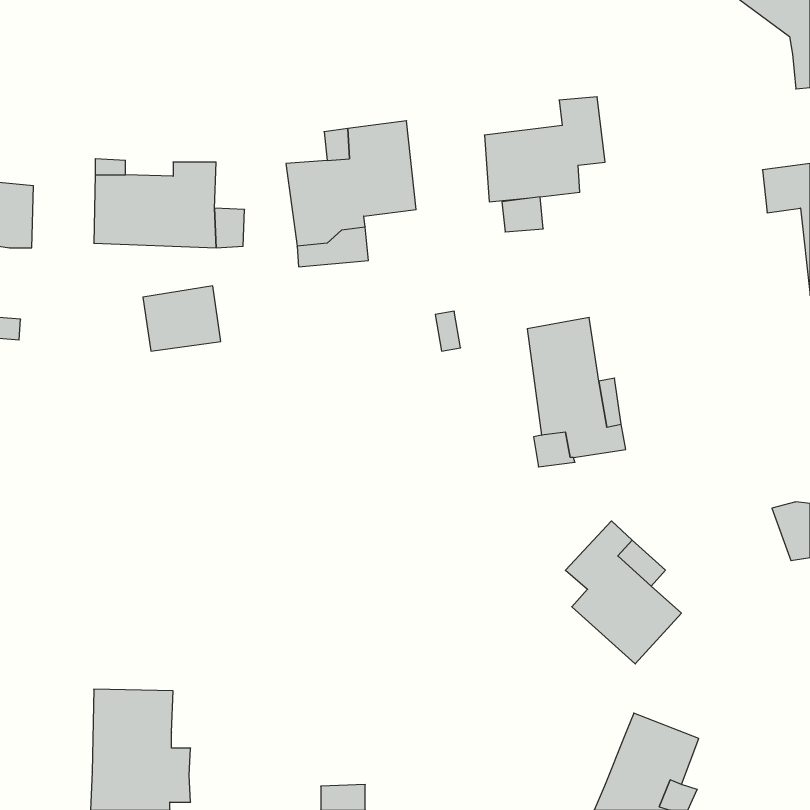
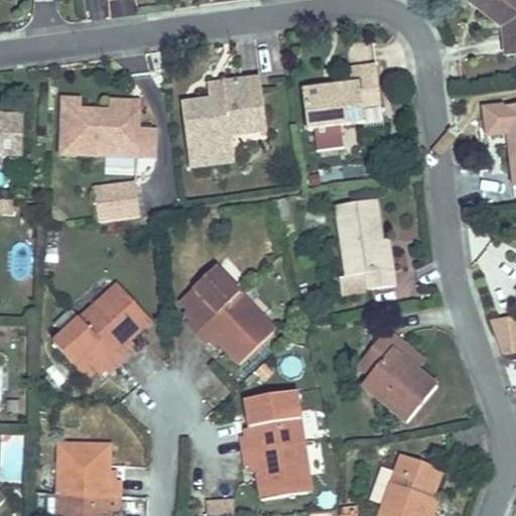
building: none -> [180,265,272,360]
building: none -> [51,280,152,377]
building: none -> [240,385,313,495]

